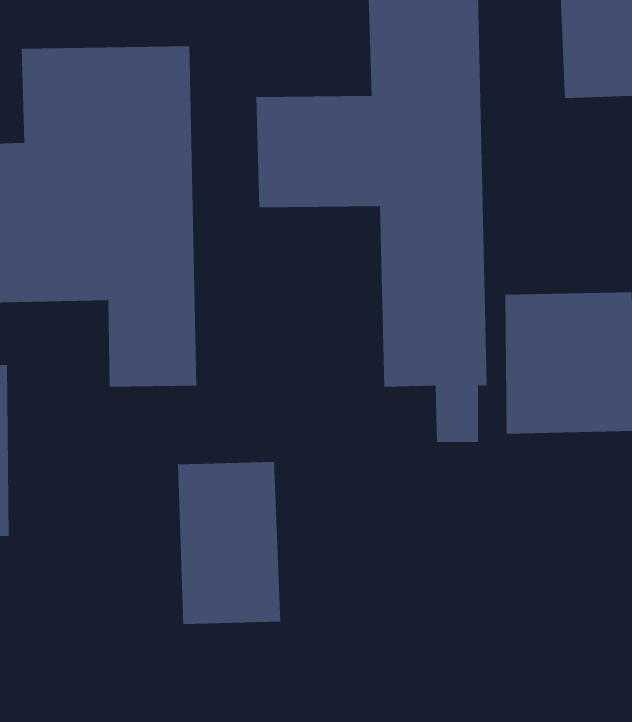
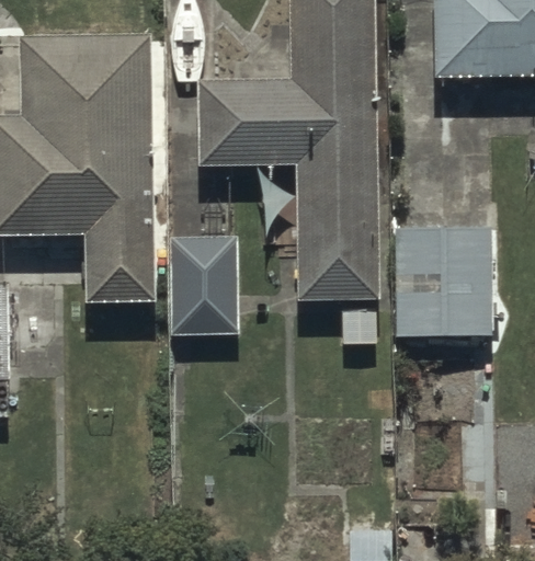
building: none -> [166,234,239,339]
building: [178,461,281,625] -> none

